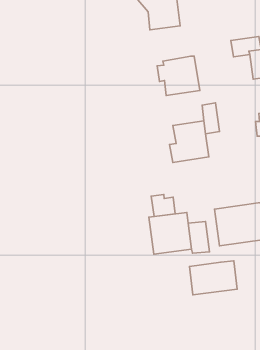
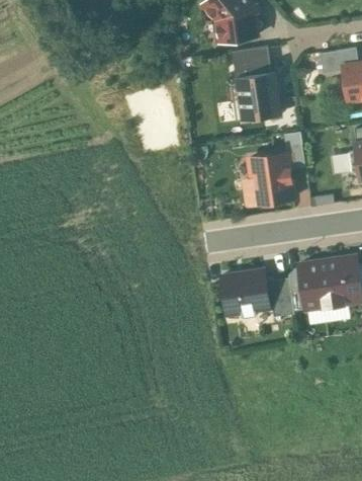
building: none -> [231,48,270,79]
building: [151,194,175,217] -> none
building: [189,261,237,295] -> none

